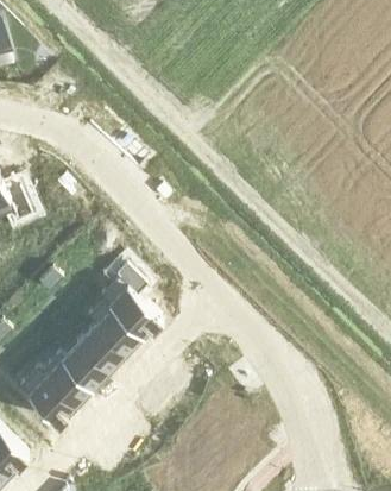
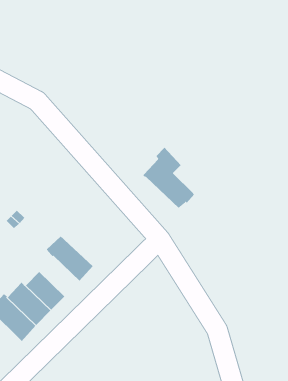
building: [94,259,156,332] -> [142,147,195,208]
building: [72,320,120,367] -> none

